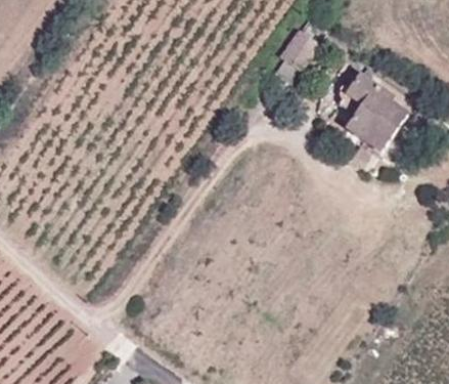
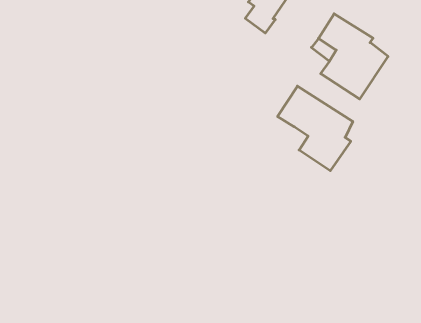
building: none -> [278,86,353,171]

